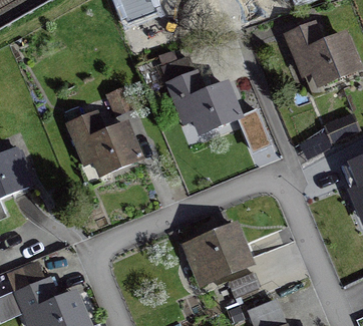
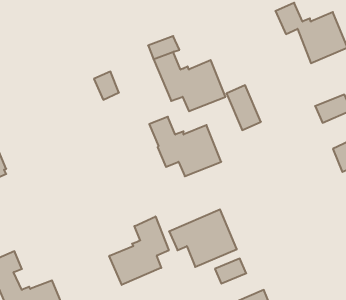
building: [68,115,137,173] -> [149,117,221,176]
building: none -> [109,216,169,285]

